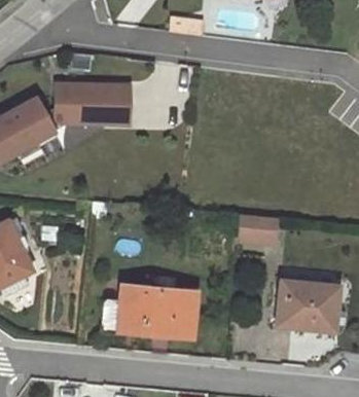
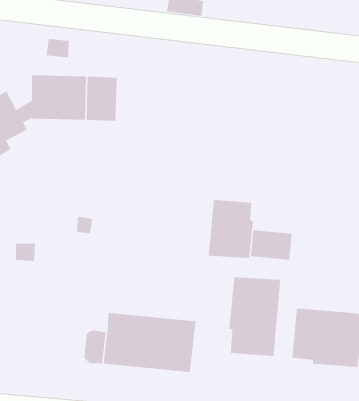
building: none -> [208,199,253,259]
building: none -> [229,277,281,357]

